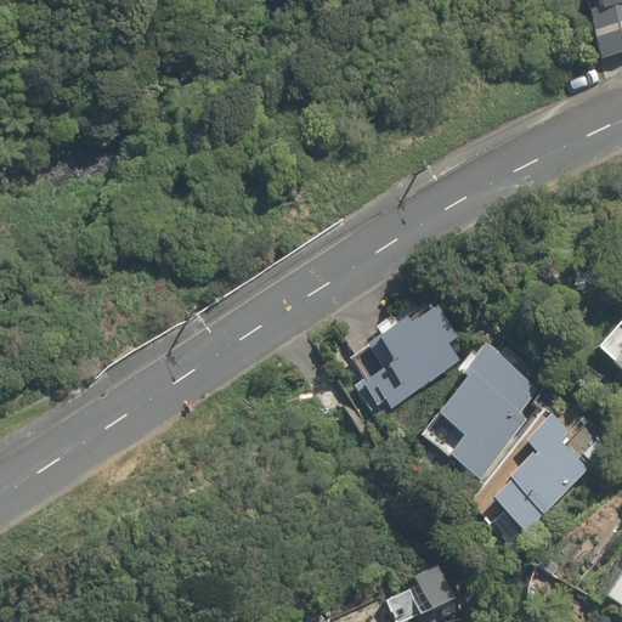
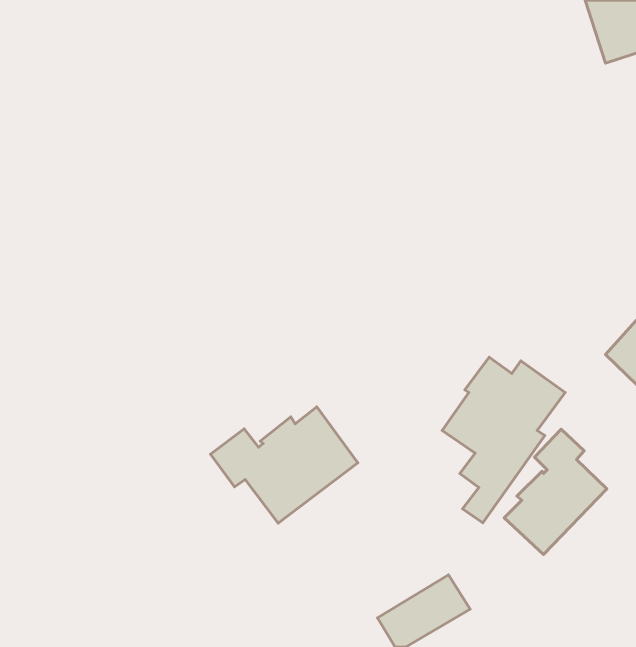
building: [361,302,464,419] -> none
building: none -> [210,407,358,523]

